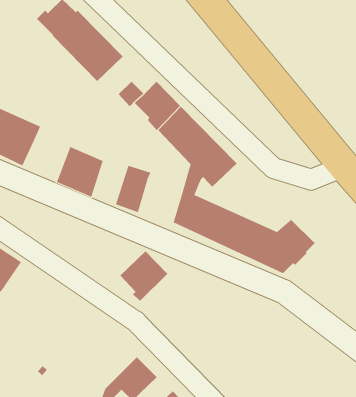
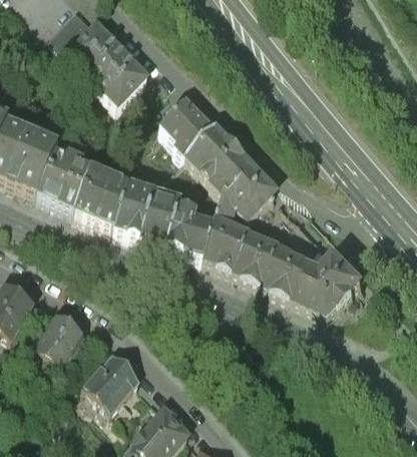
building: none -> [37,154,89,210]
building: none -> [114,183,154,236]
building: none -> [166,206,214,256]
building: [120,250,168,302] -> [86,352,140,409]
building: none -> [36,313,85,362]

